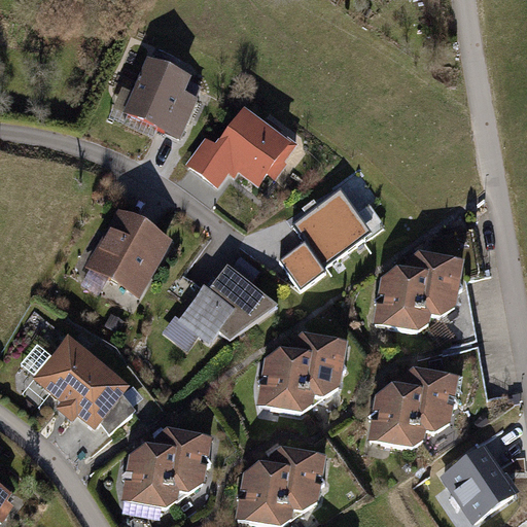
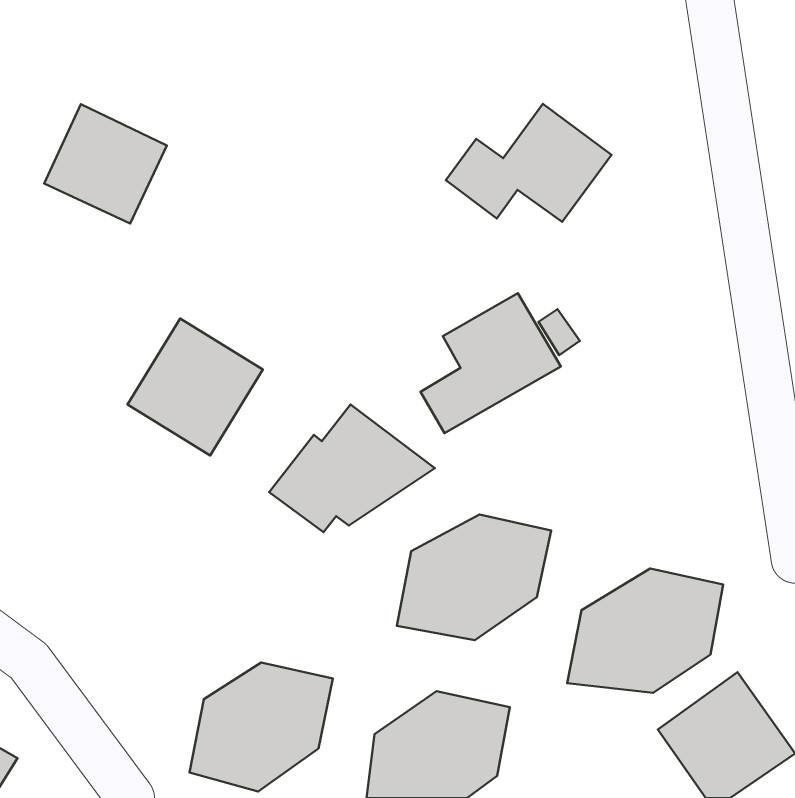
building: [122,58,202,135] -> [44,104,167,223]
building: [182,112,289,188] -> [446,104,611,222]
building: [378,251,473,331] -> none
building: [31,335,129,429] -> none

